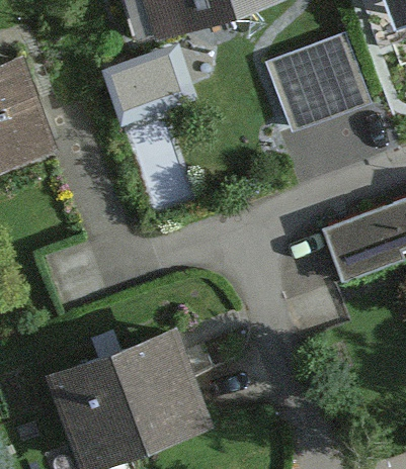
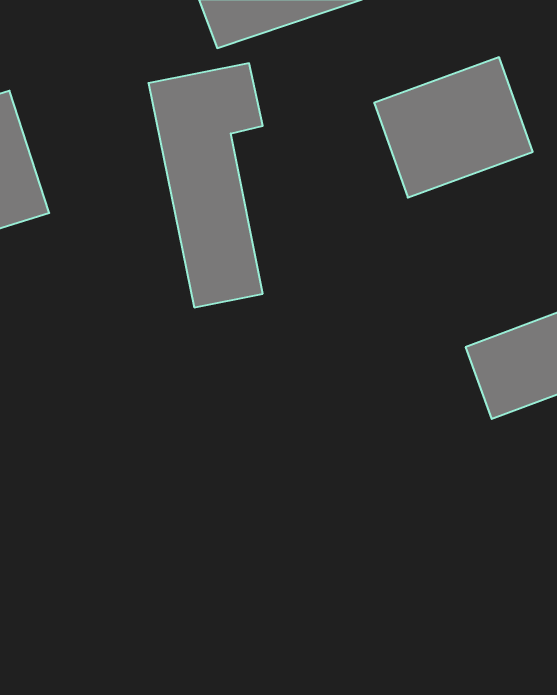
building: [56,331,197,454] -> none

